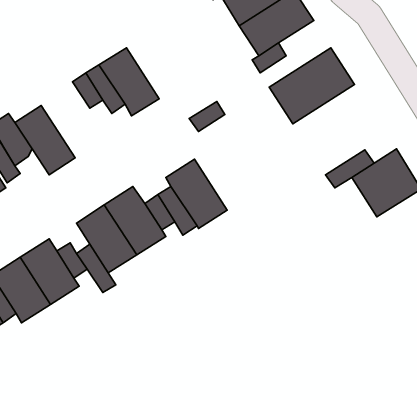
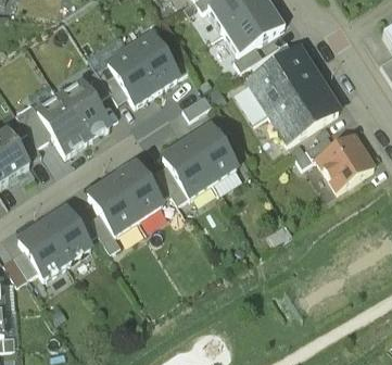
building: none -> [130,33,179,89]
building: none -> [268,77,339,140]
building: none -> [60,79,111,138]
building: none -> [187,125,237,181]

